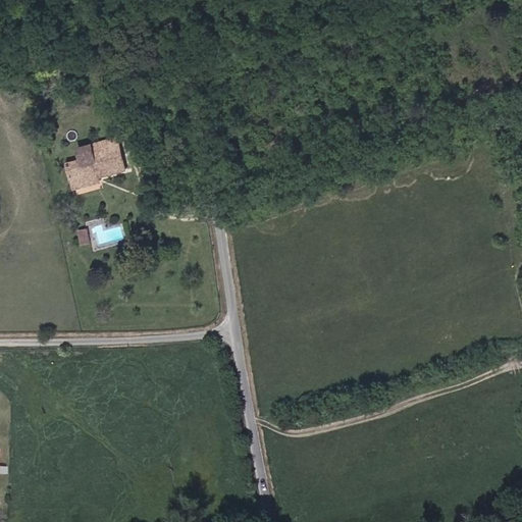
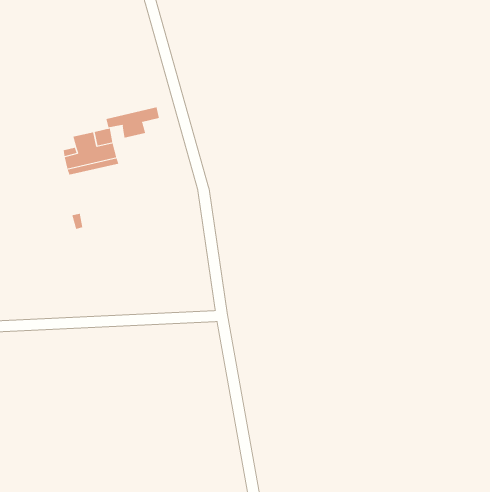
building: none -> [106,107,159,139]

